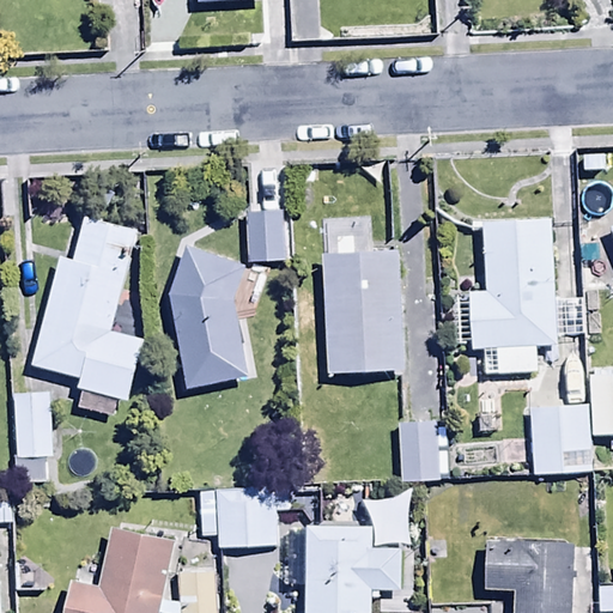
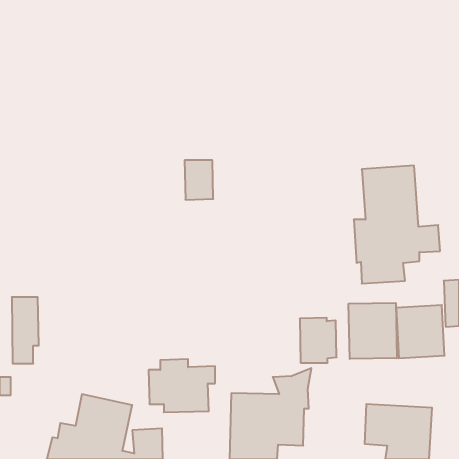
building: [31,217,142,418] -> none
building: [168,247,249,390] -> none
building: [322,249,405,374] -> none
building: none -> [349,303,397,359]

